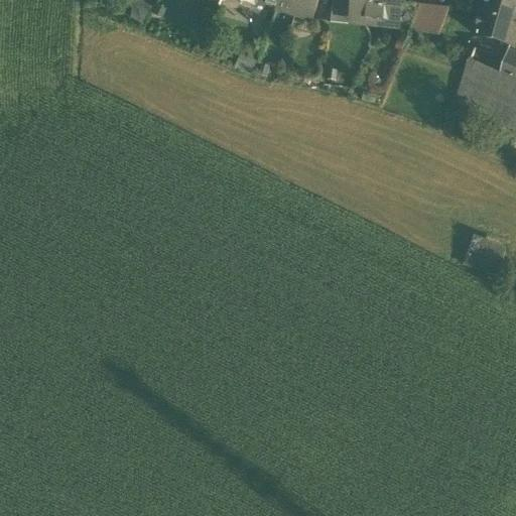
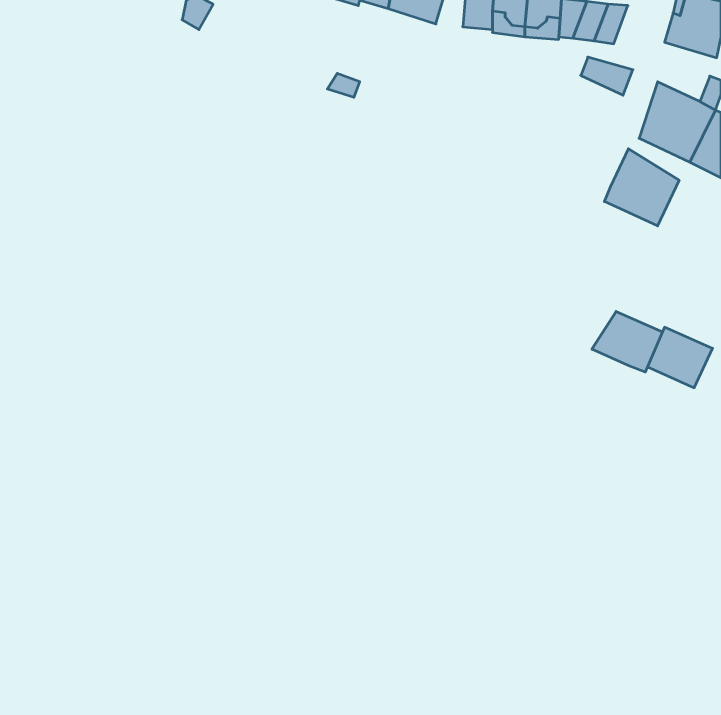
building: [470,45,507,73] -> [581,57,633,95]
building: none -> [604,149,679,226]
building: none -> [592,311,662,372]

